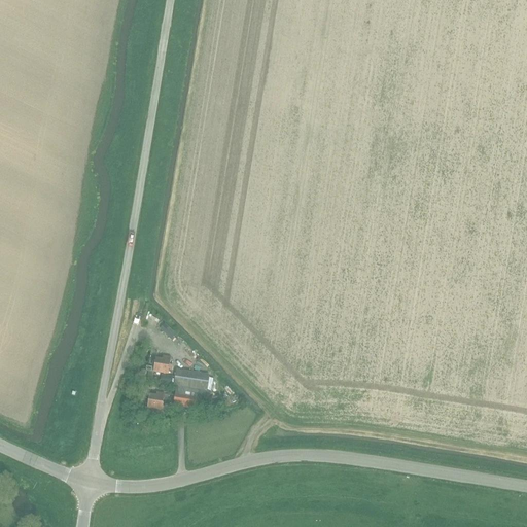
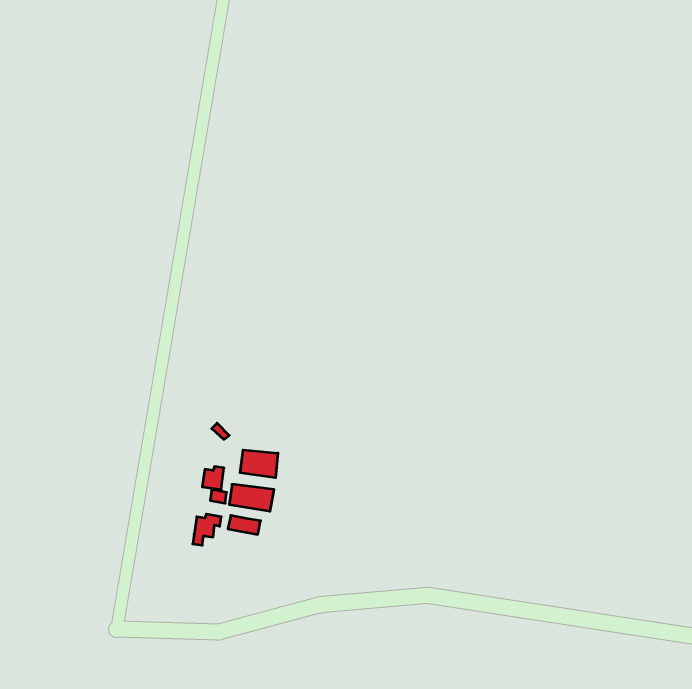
building: none -> [240,450,278,478]

